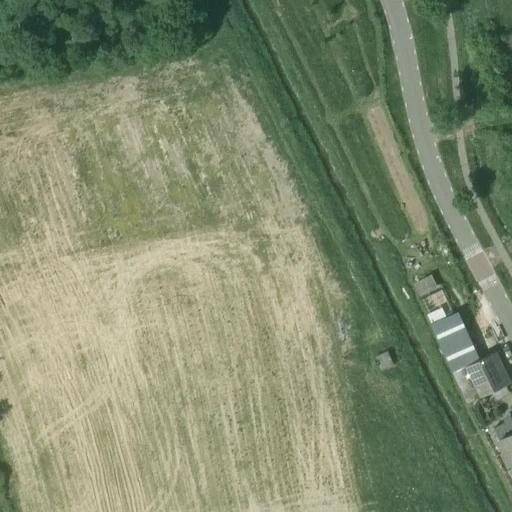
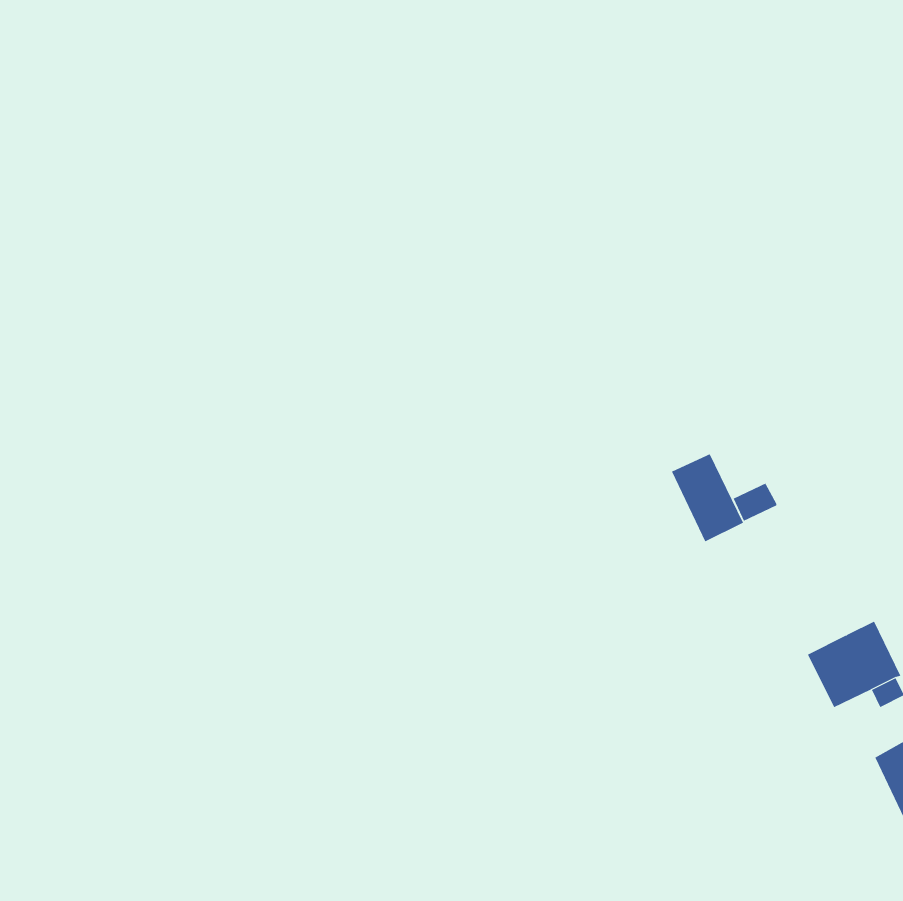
building: [438,319,479,369] -> [671,454,744,542]

